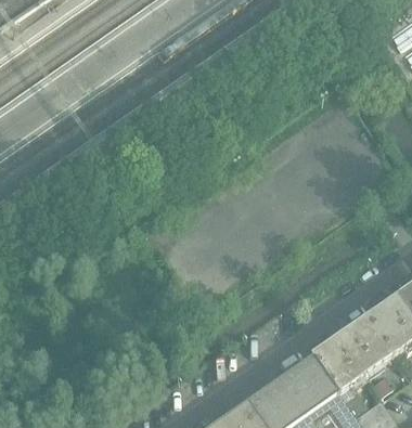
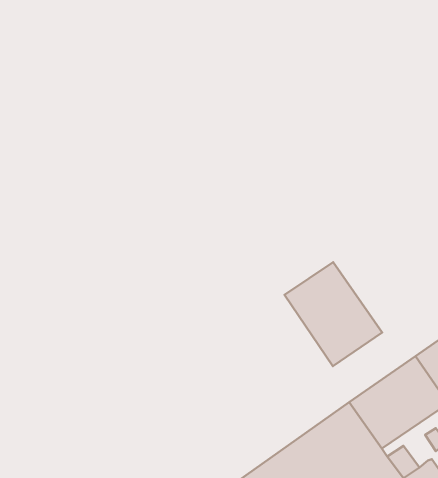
building: none -> [284,262,382,366]

